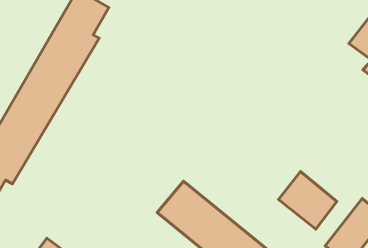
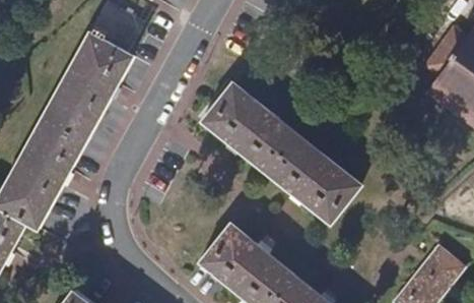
building: none -> [202,84,359,223]
building: [279,172,337,229] -> none

